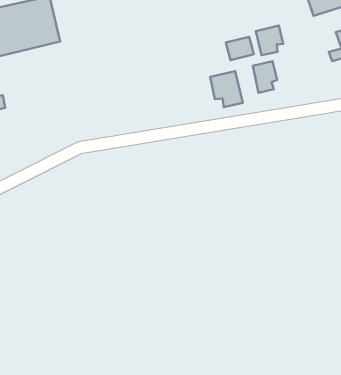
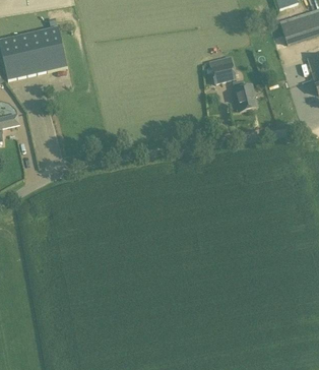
building: [256,25,283,55] -> none
building: [210,71,243,107] -> none

